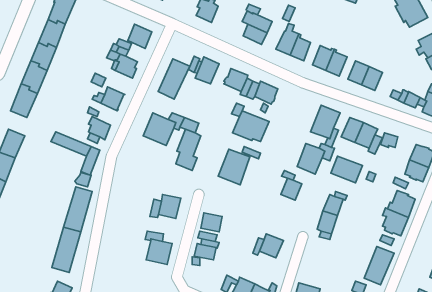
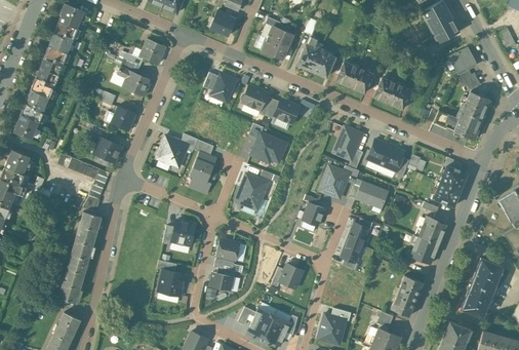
building: [158,59,190,99] -> none

